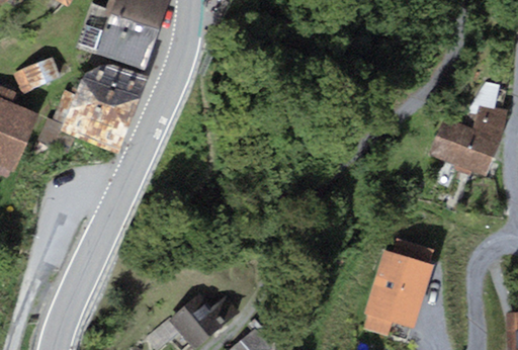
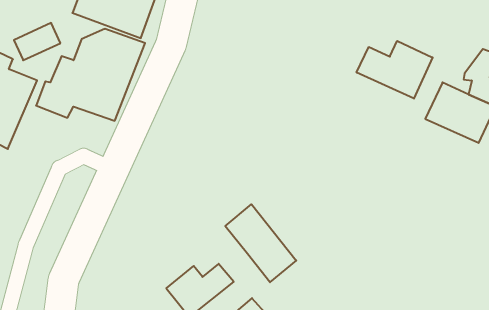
building: none -> [357,41,433,99]
building: none -> [225,204,296,282]
building: [364,238,435,333] -> none

